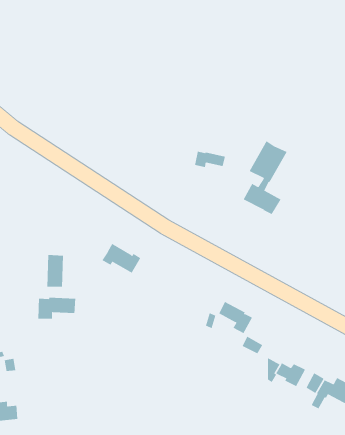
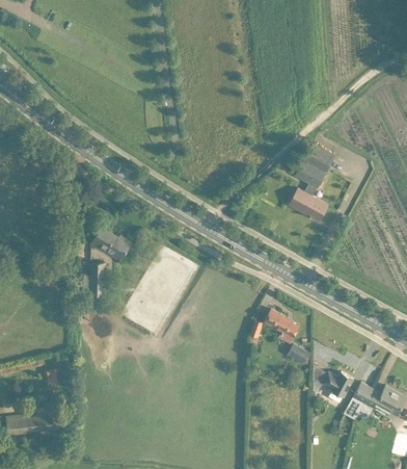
building: [194,151,226,168] -> none
building: [102,243,141,274] -> [91,228,132,259]
building: [38,297,76,320] -> none

